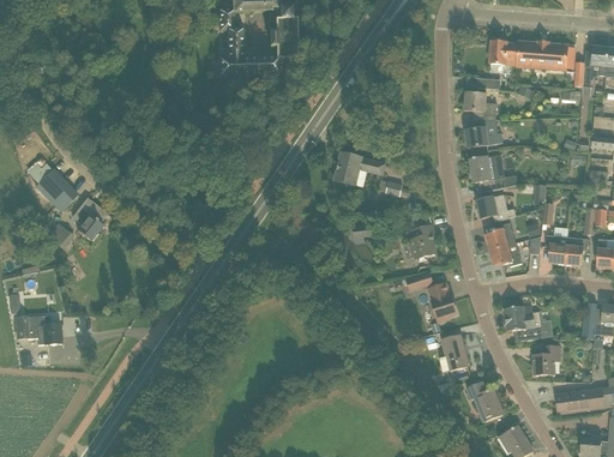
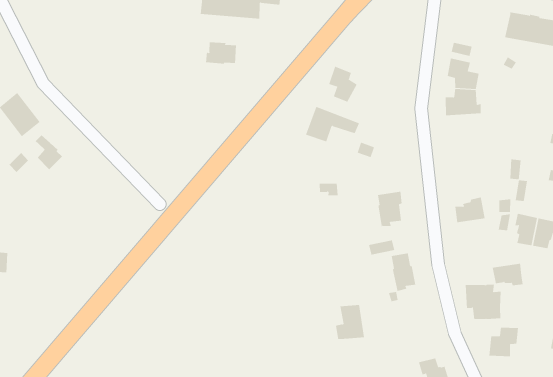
building: [489,41,518,65] -> none
building: none -> [205,42,236,65]
building: none -> [329,66,358,102]
building: [469,155,505,192] -> none
building: [475,194,514,222] -> none
building: [488,242,520,265] -> [492,263,524,286]
building: [438,335,468,371] -> [335,305,365,340]

